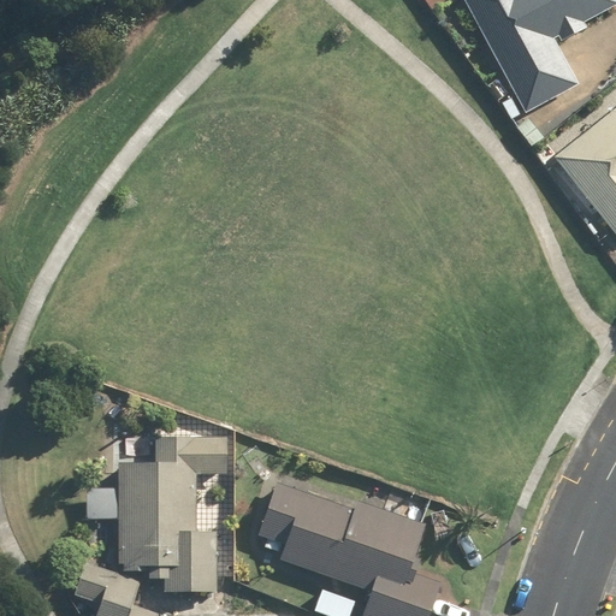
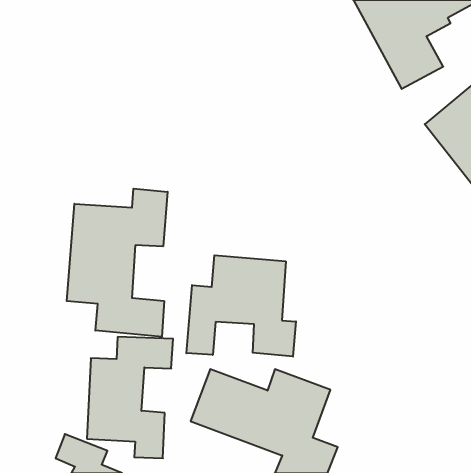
building: none -> [67,189,168,337]
building: none -> [186,255,296,357]

